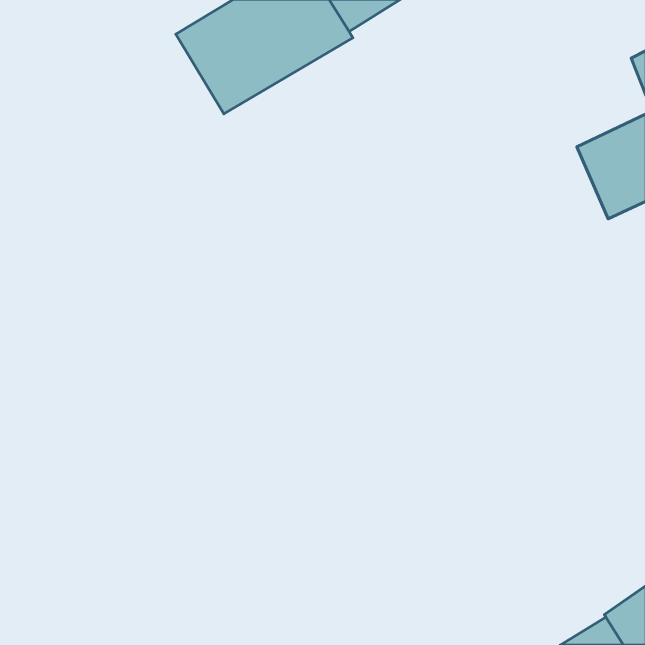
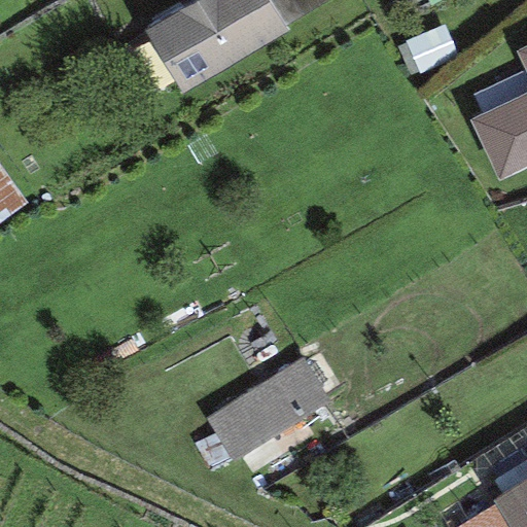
building: none -> [205,358,329,460]

